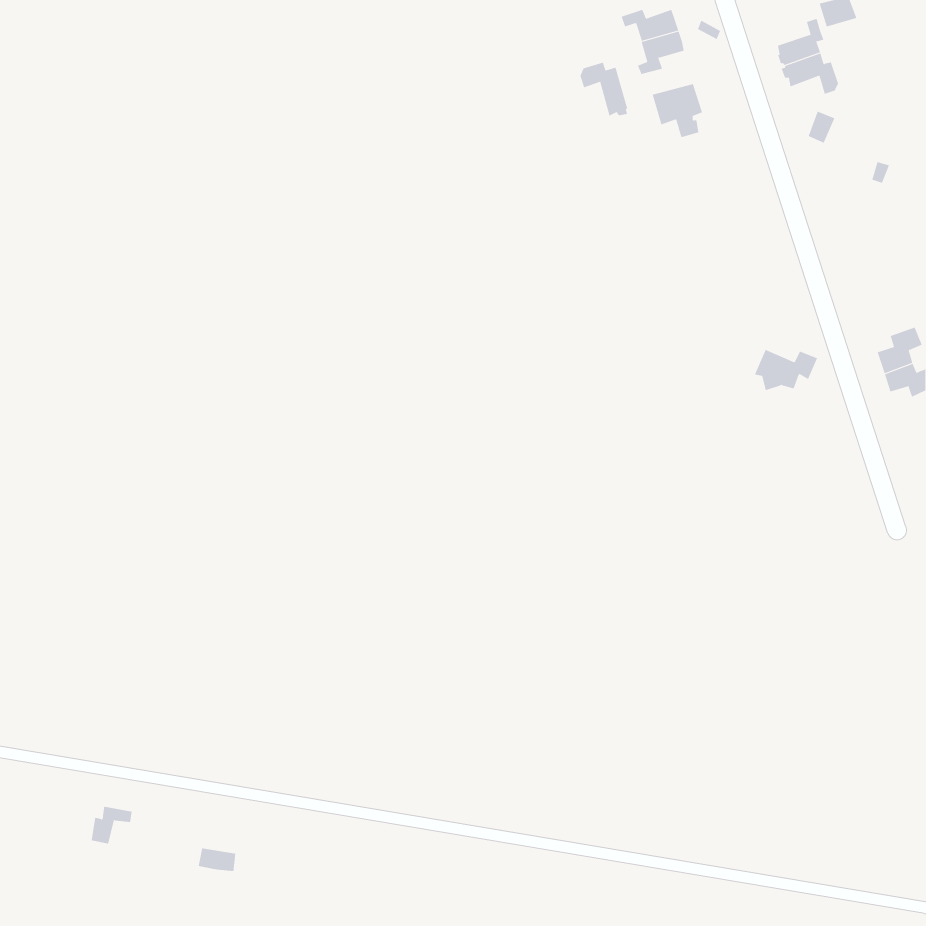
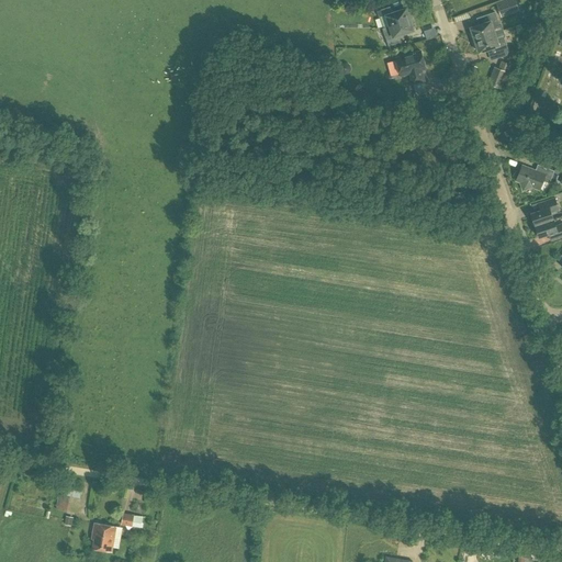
building: [580,62,628,117] -> none
building: [754,349,818,391] -> [515,165,553,190]
building: none -> [90,521,116,552]

